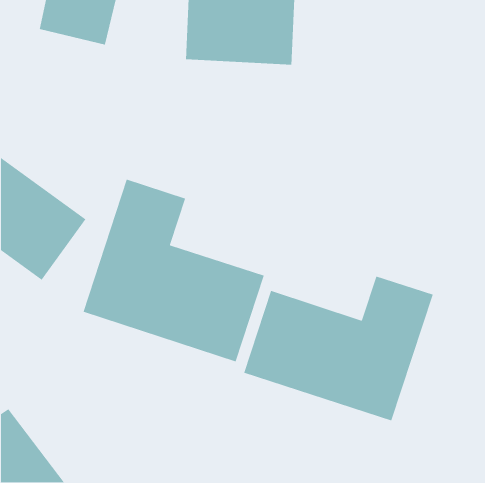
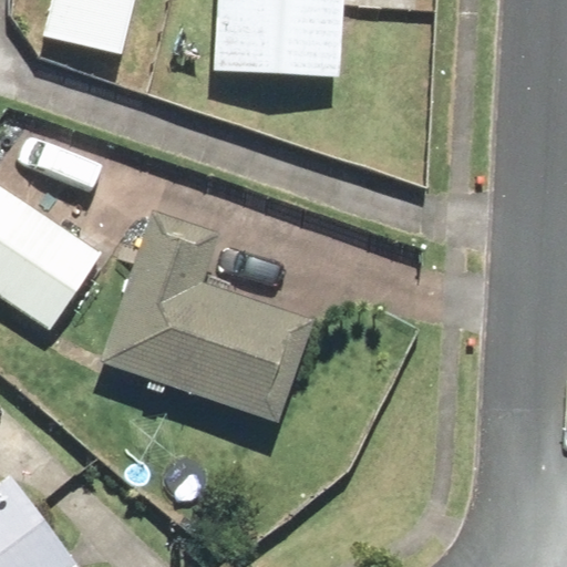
building: [243,276,434,422] -> none

